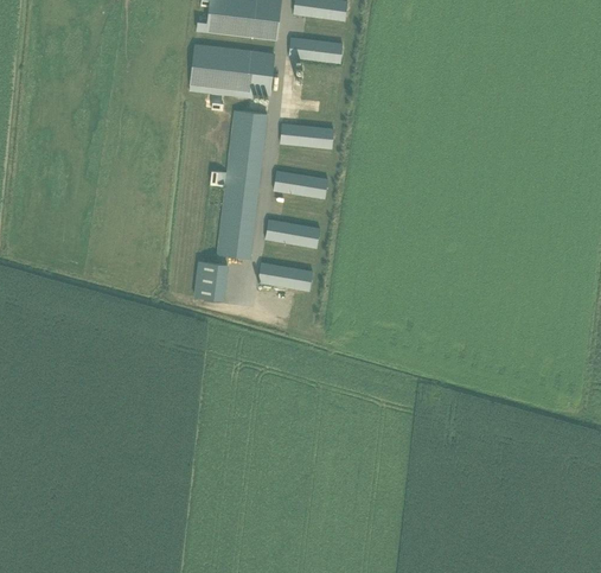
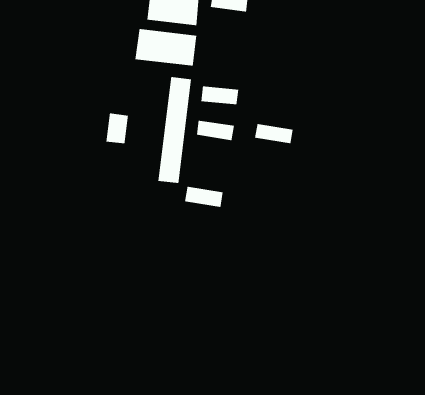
building: [287,36,340,63] -> none
building: none -> [106,112,128,144]
building: [263,218,318,247] -> [254,123,294,144]
building: [193,260,225,299] -> none

